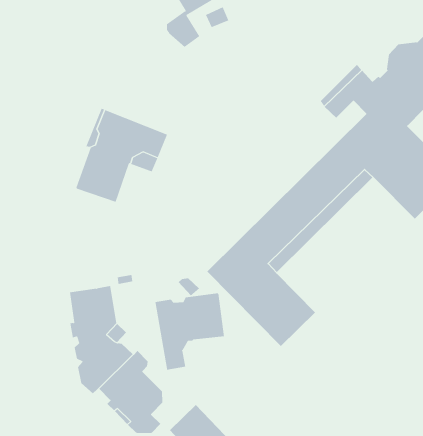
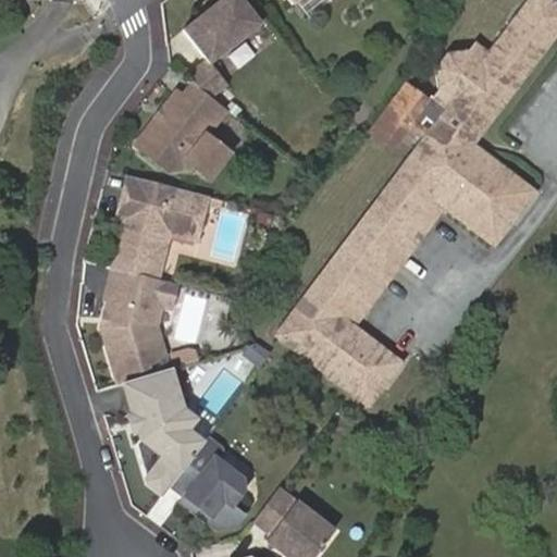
building: none -> [139,83,231,178]
building: none -> [110,268,183,383]
building: [155,292,225,370] -> none

